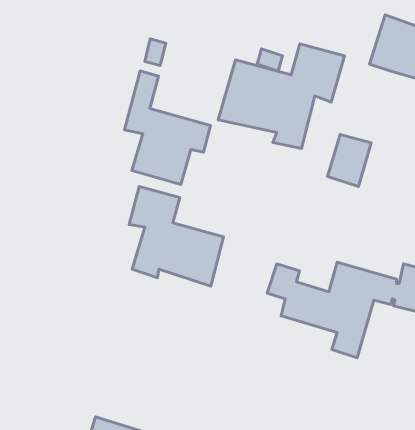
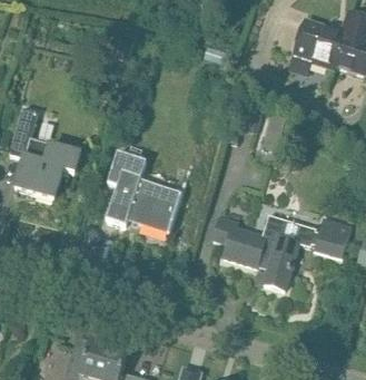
building: [218,44,345,148] -> none
building: [125,71,210,185] -> [10,107,78,197]

